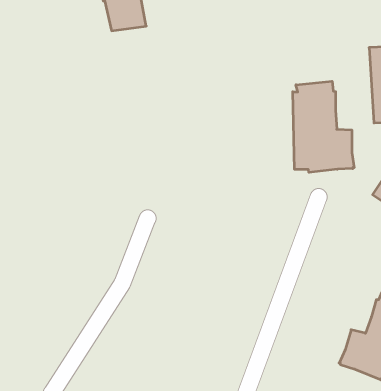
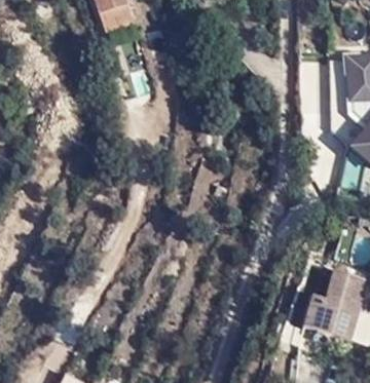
building: [293,81,354,172] -> none

